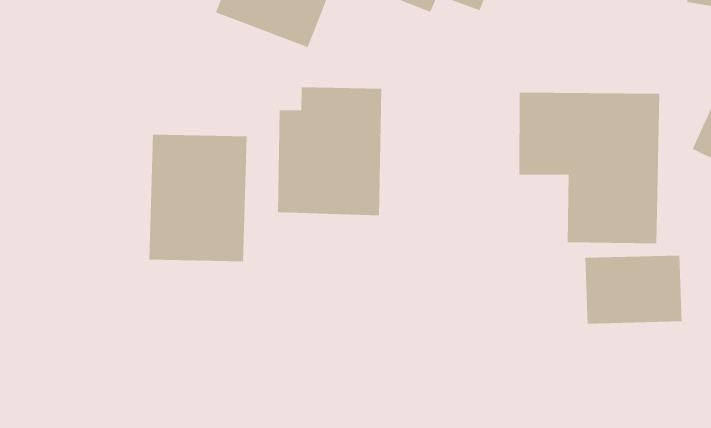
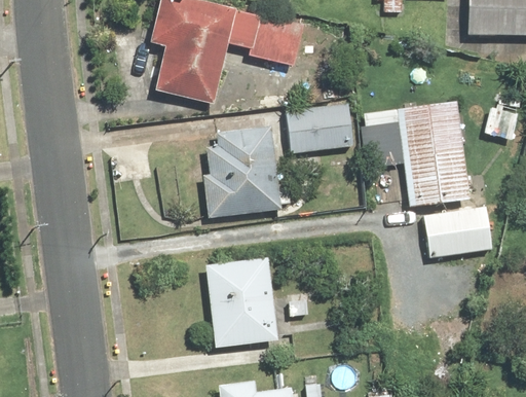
building: none -> [286,102,355,154]
building: [149,134,247,262] -> [204,256,278,349]

